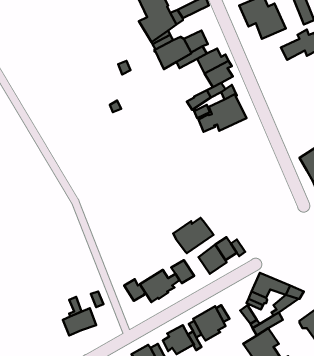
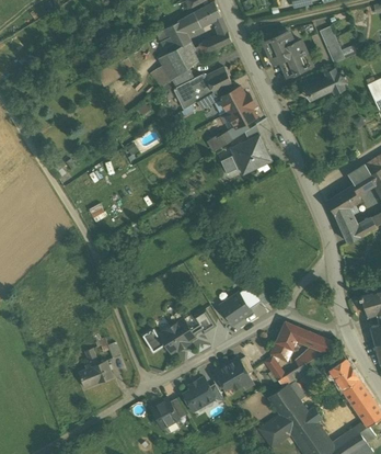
building: [173,218,213,253] -> none

